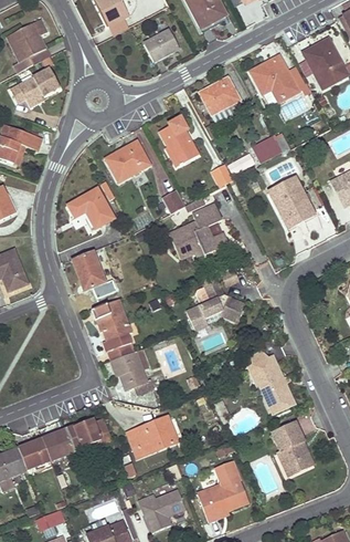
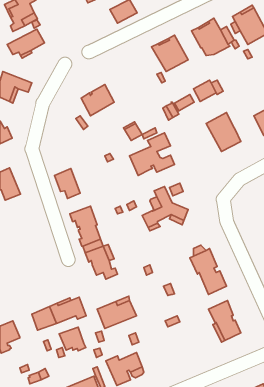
building: [159,116,199,164] -> none
building: [67,188,114,228] -> none
building: [18,439,52,470] -> [59,327,86,351]
building: [197,460,248,522] -> none

